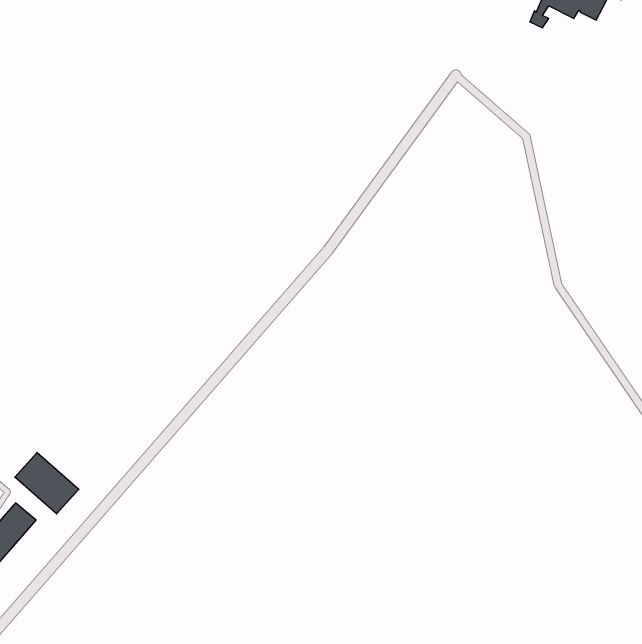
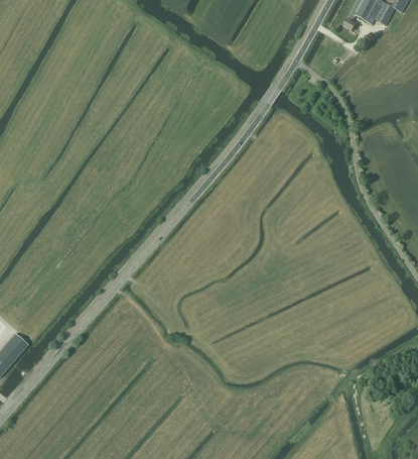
building: [15,452,79,514] -> none

